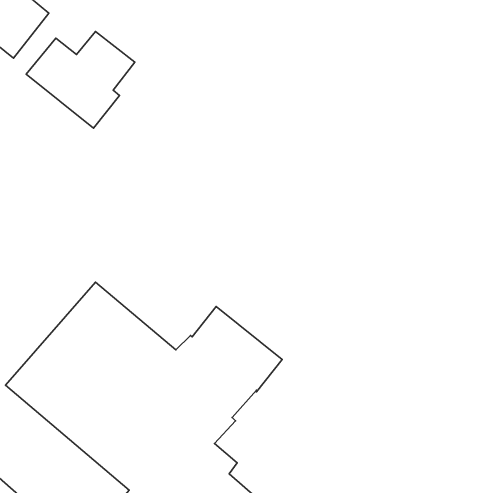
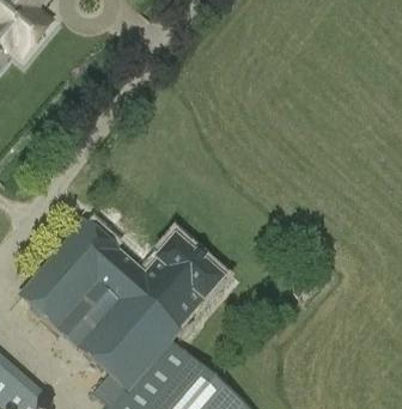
building: [26,31,135,128] -> none

